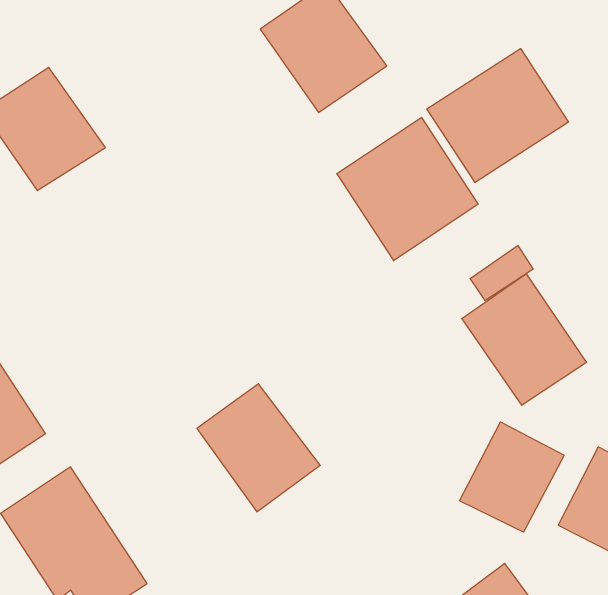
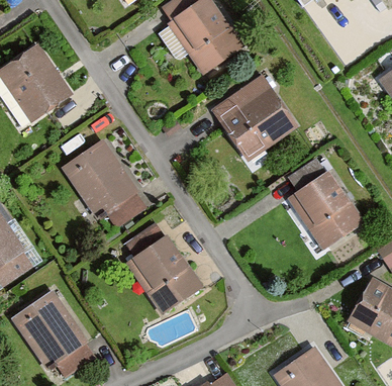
building: [427,49,569,182] -> none
building: none -> [60,139,149,231]
building: [460,422,564,532] -> none

